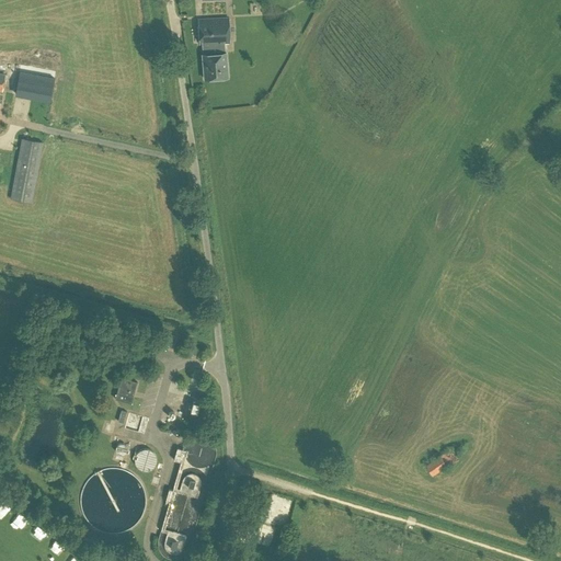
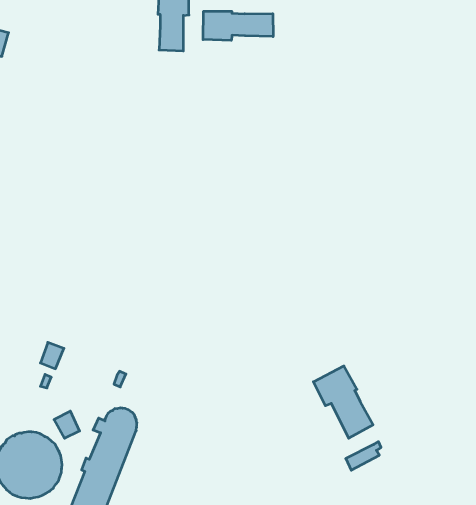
building: none -> [203,11,273,40]
building: none -> [313,366,373,438]

